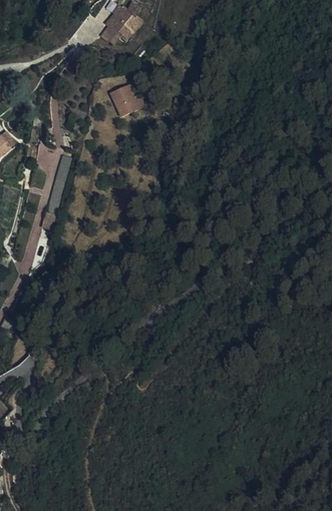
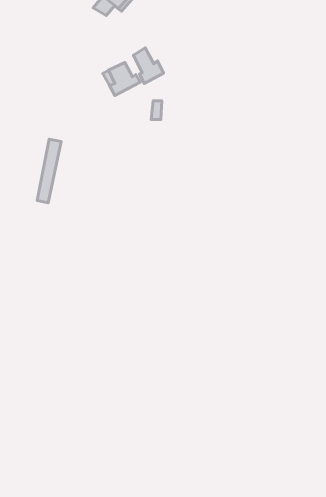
building: none -> [133,48,164,83]

